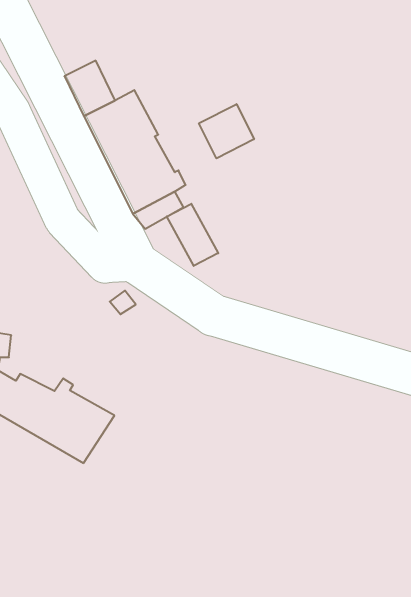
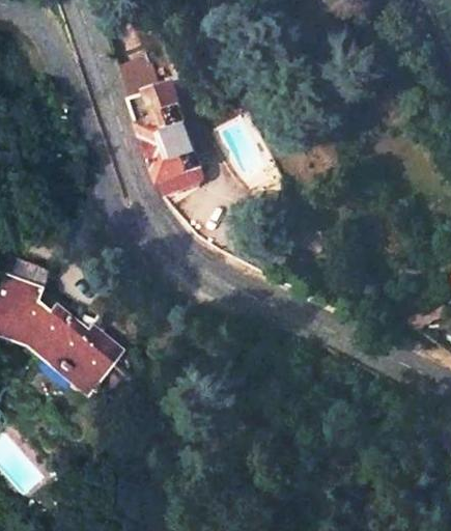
building: [199,104,254,158] -> none
building: [167,204,218,266] -> none

